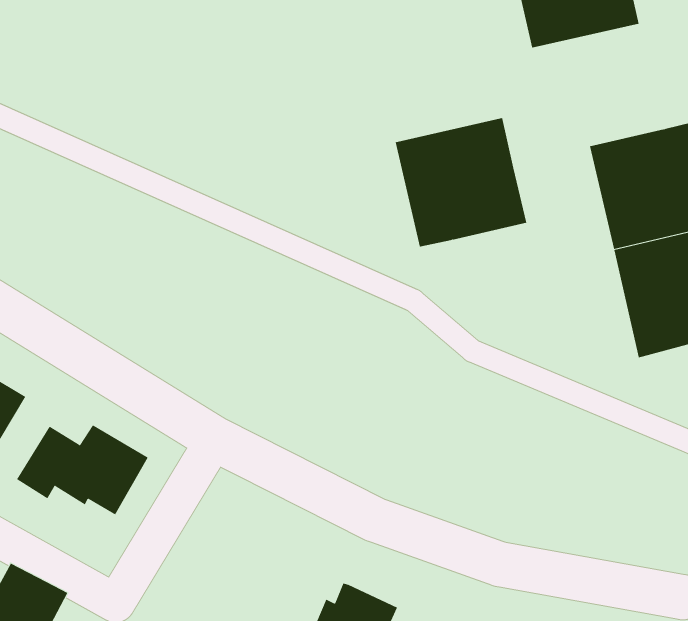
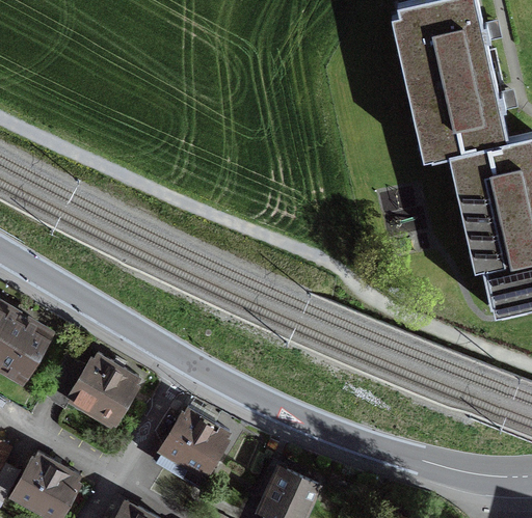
building: [395,118,527,247] -> [415,66,510,160]
building: none -> [156,410,229,492]

